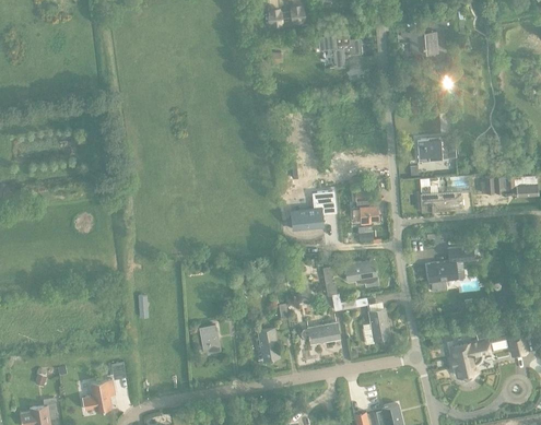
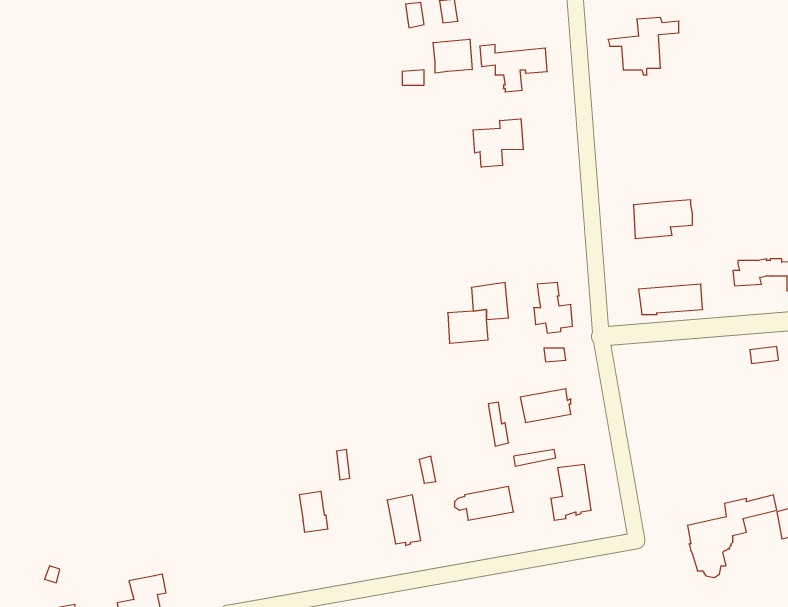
building: none -> [433,39,472,73]
building: none -> [473,119,523,167]
building: [426,248,463,283] -> none

